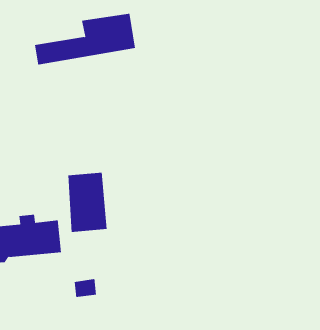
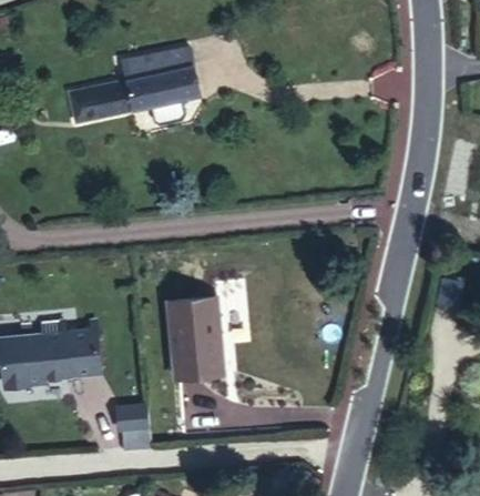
building: [68,172,107,232] -> [170,303,224,385]

